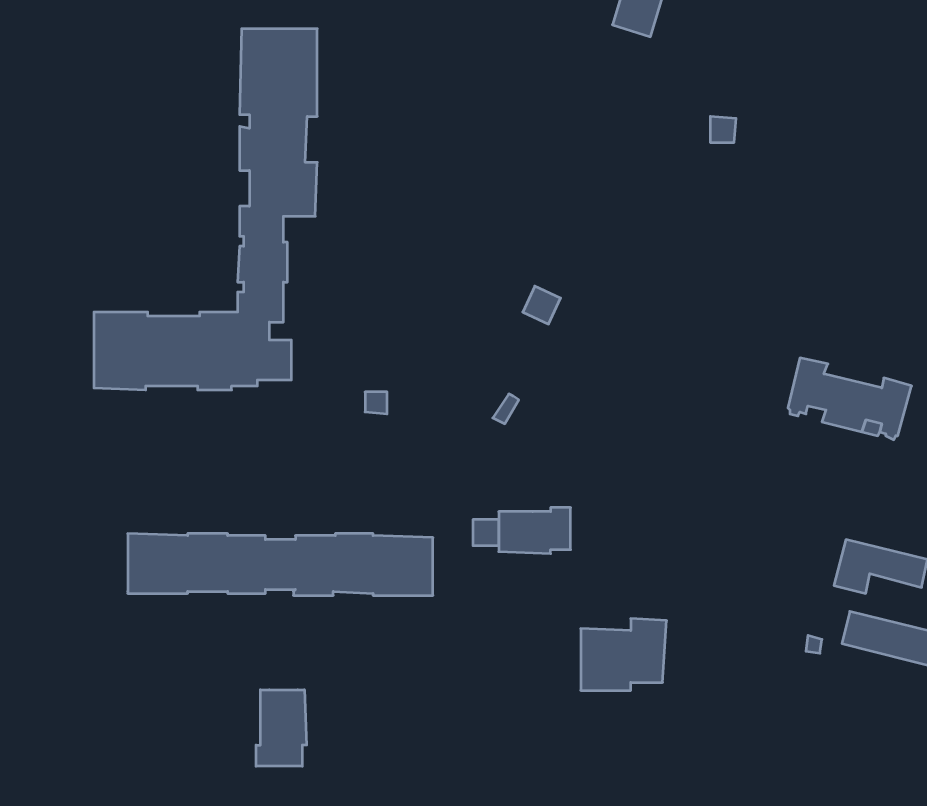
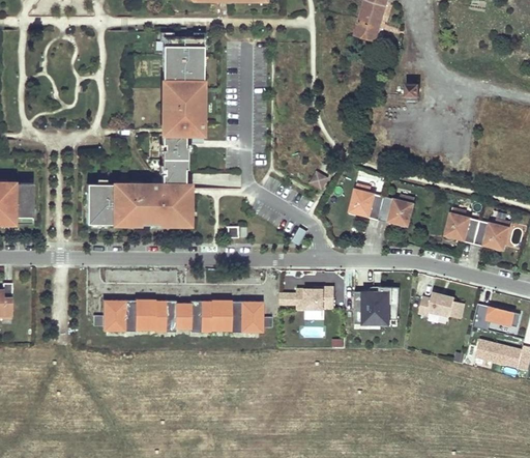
building: none -> [351,184,416,227]
building: none -> [418,292,464,319]
building: [581,619,667,690] -> [354,286,399,323]
building: [256,690,307,766] -> none

